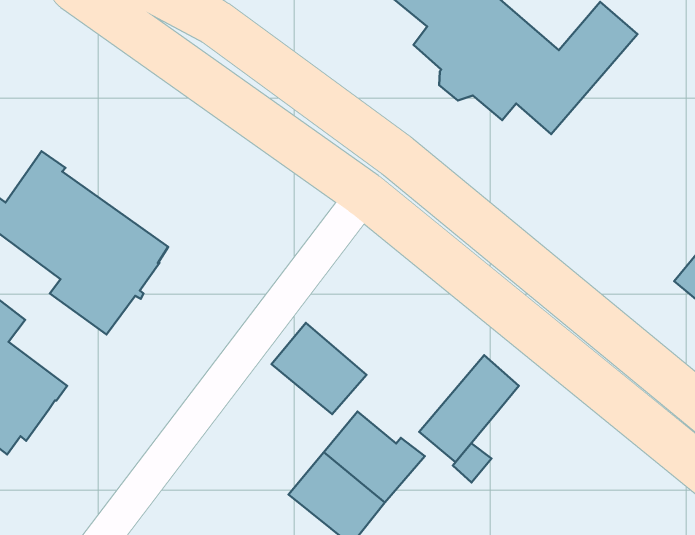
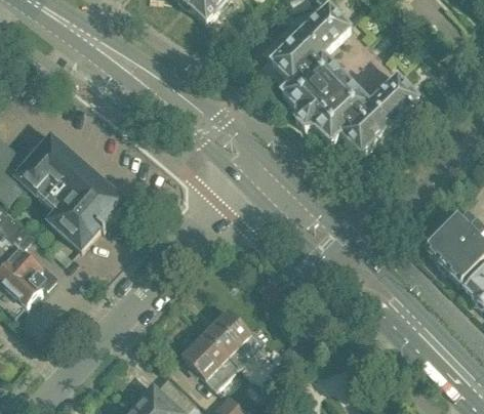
building: [272,323,366,414] -> none
building: [419,355,519,462] -> none

